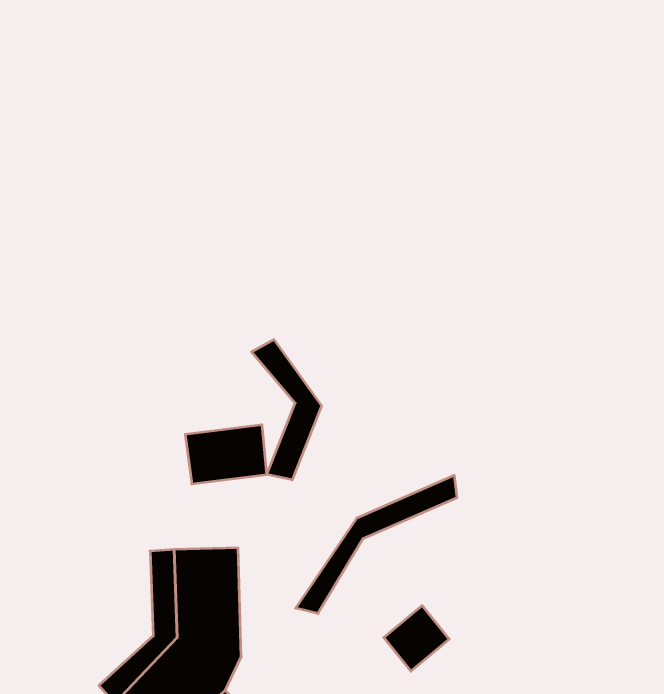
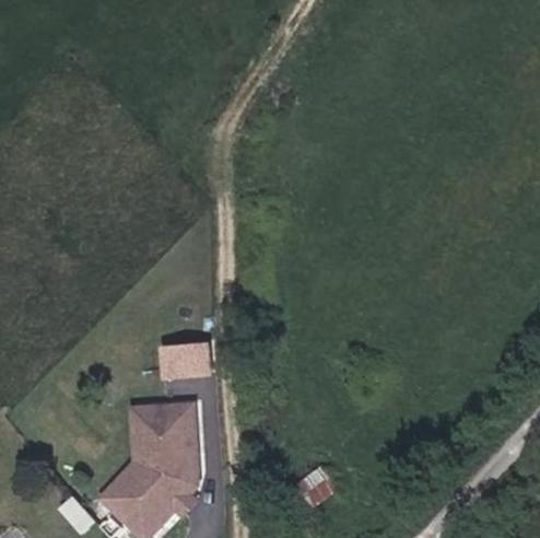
building: [252,340,321,480] -> none
building: [296,475,457,614] -> none

